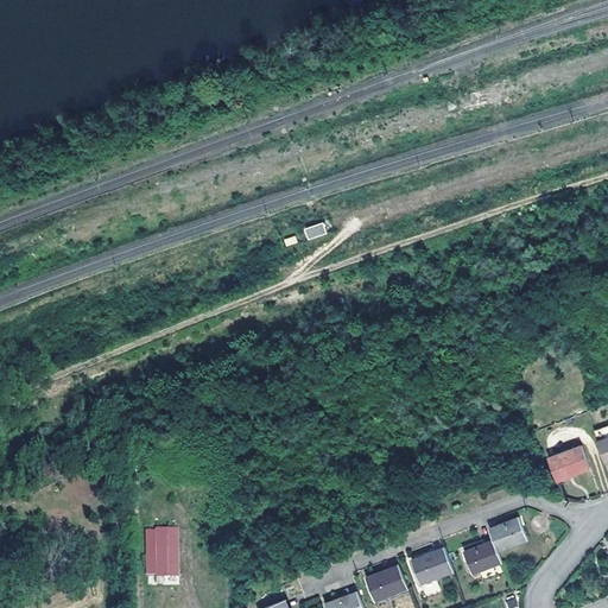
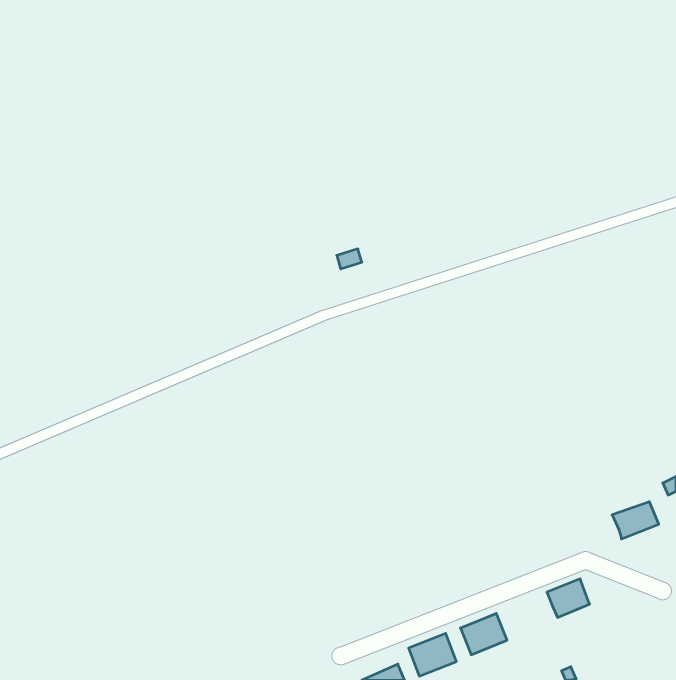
building: [153,530,175,576] -> none
building: [462,540,501,574] -> none

